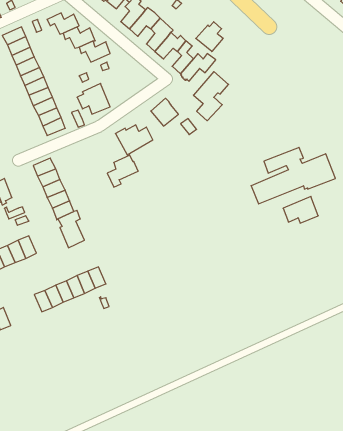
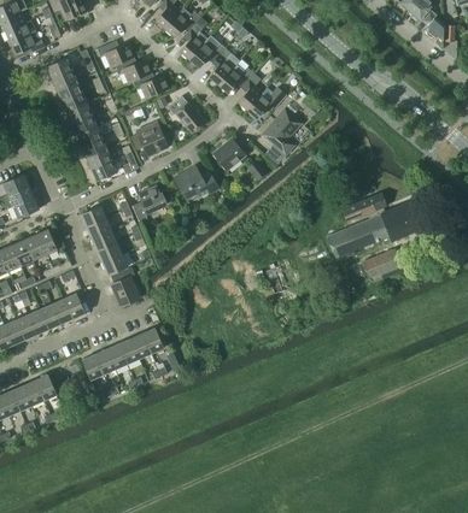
building: [196,22,223,52] -> none
building: none -> [168,95,205,132]
building: [107,155,138,187] -> [131,184,166,220]

